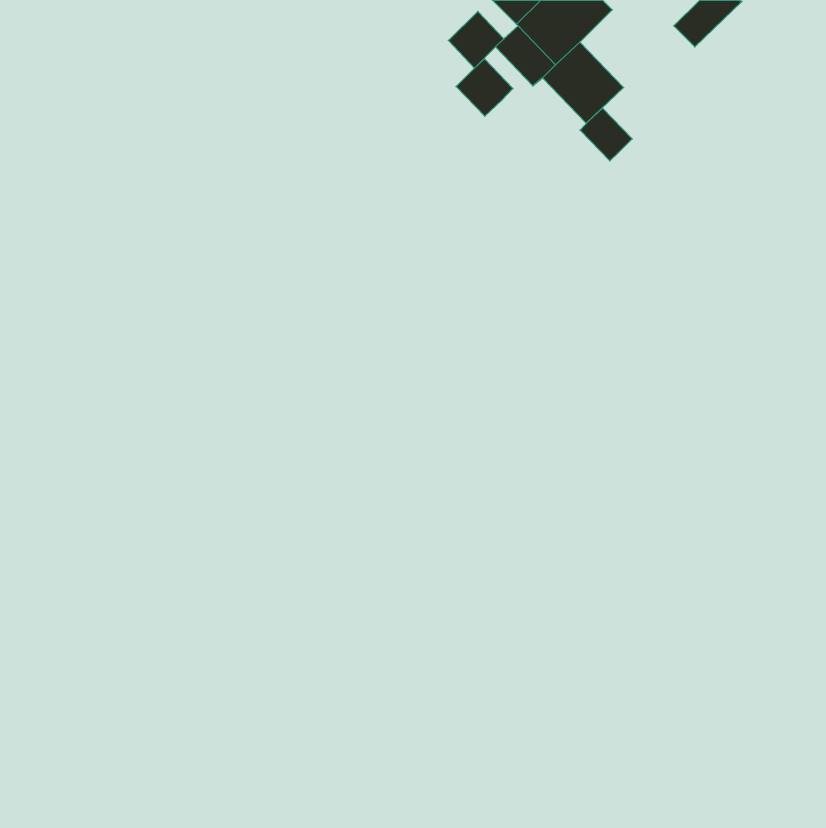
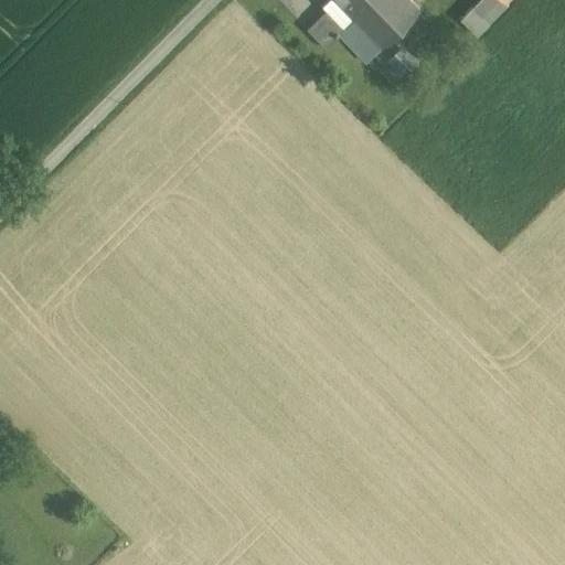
building: [456,59,513,116] -> none
building: [580,108,632,161] -> none

